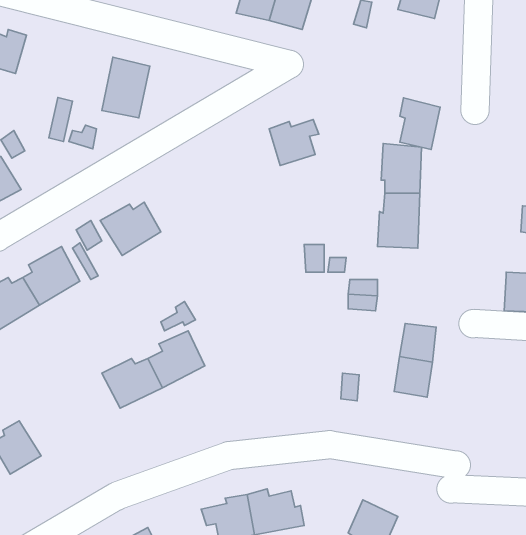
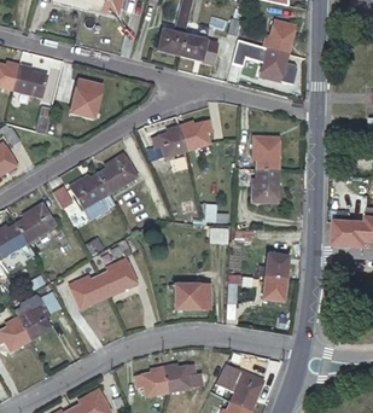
building: none -> [12,64,48,98]
building: [400,98,440,149] -> [261,47,287,81]
building: none -> [152,126,186,157]
building: none -> [97,153,135,193]
building: none -> [175,283,211,308]
building: none -> [11,295,51,341]

